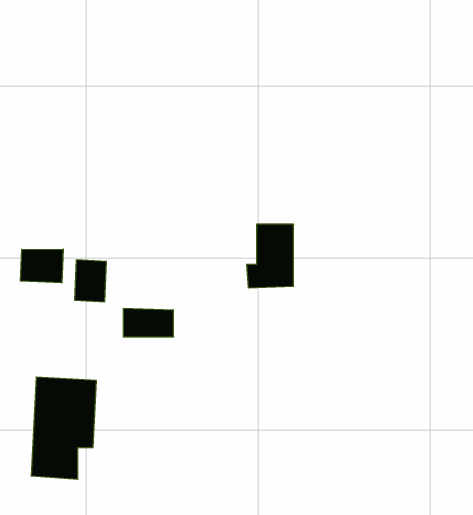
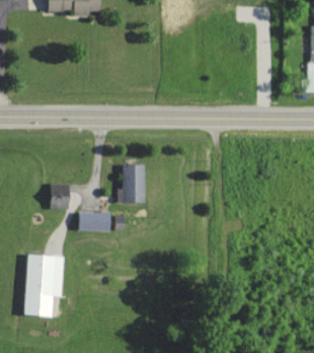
building: [247,224,294,288] -> [116,163,145,202]
building: [20,249,63,283] -> none

